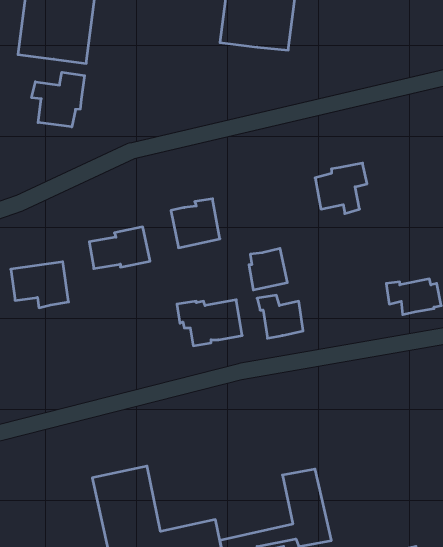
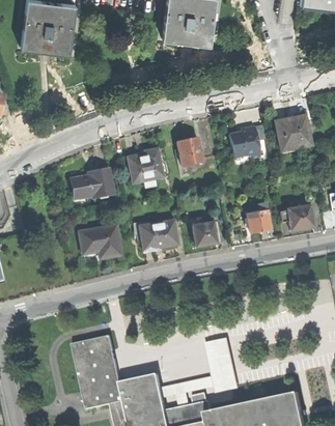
building: [32,72,85,127] -> none
building: none -> [276,116,310,151]
building: [249,248,287,290] -> [176,138,203,167]
building: [11,262,69,308] -> [80,227,120,259]
building: none -> [245,207,271,233]

